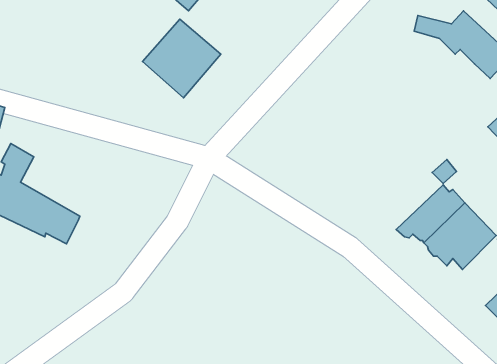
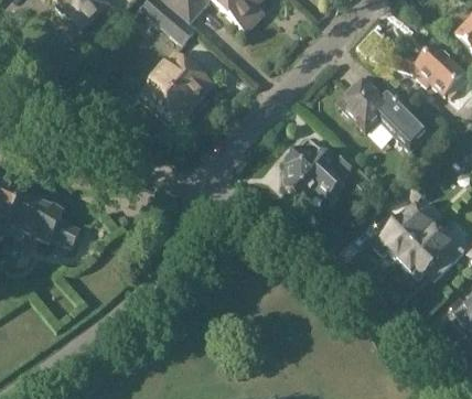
building: none -> [339,79,431,151]
building: none -> [283,136,373,201]

